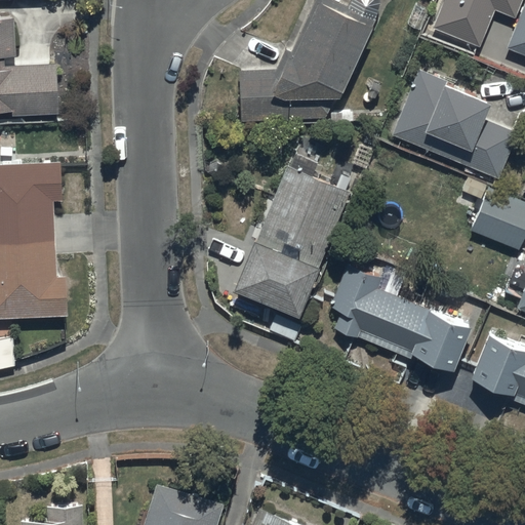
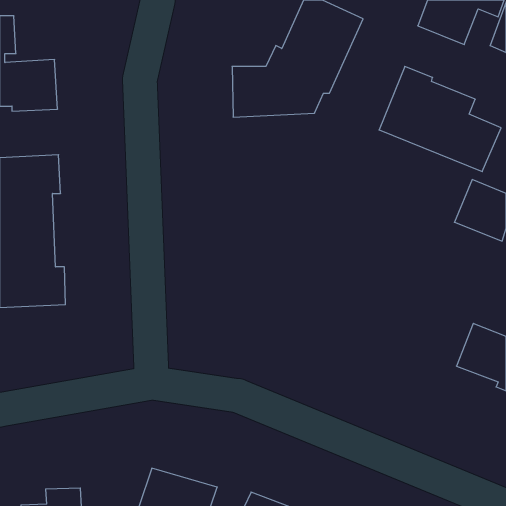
building: [235,165,352,317] -> none
building: [330,264,472,371] -> none

